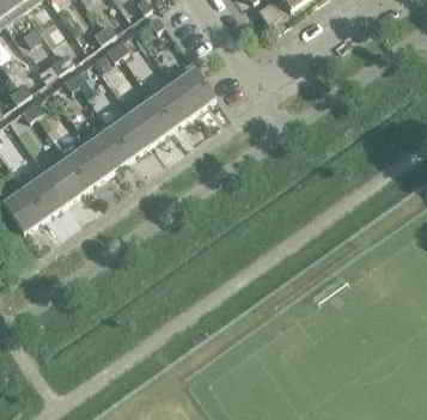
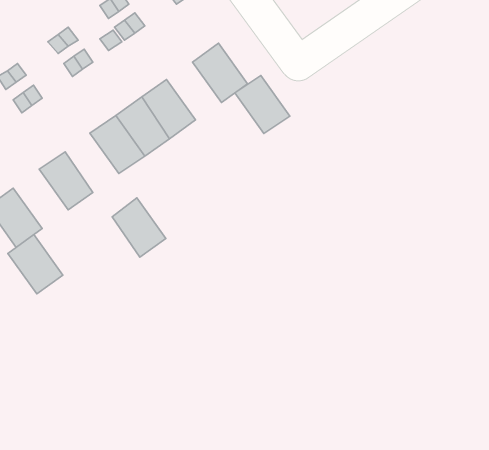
building: [148,78,194,126] -> [235,75,290,133]
building: [65,136,109,185] -> [112,198,166,257]
building: [22,166,67,215] -> [8,235,63,294]

